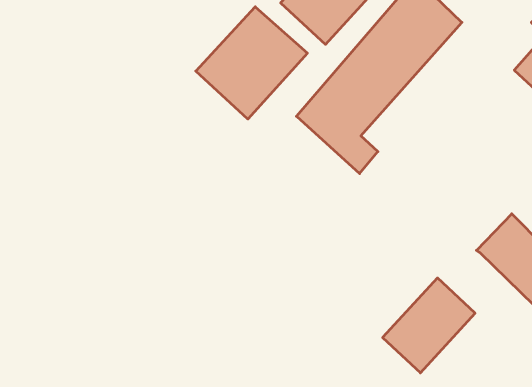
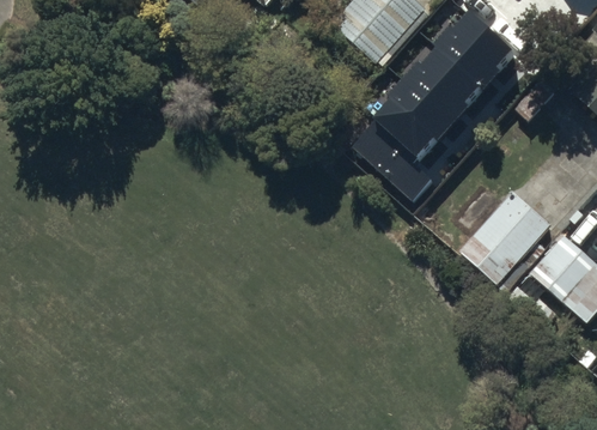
building: [196,7,307,119] -> none
building: [383,278,475,373] -> [459,192,550,285]

